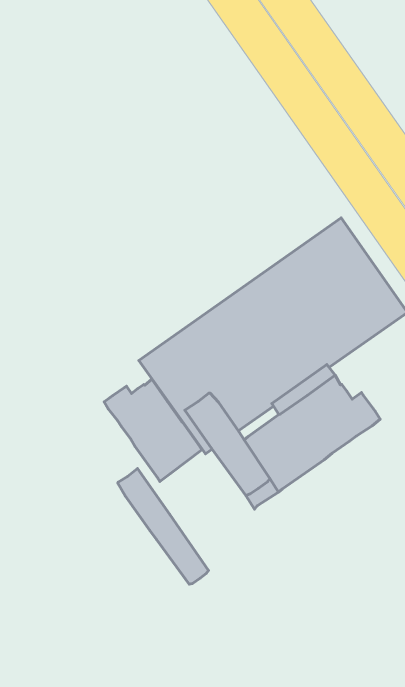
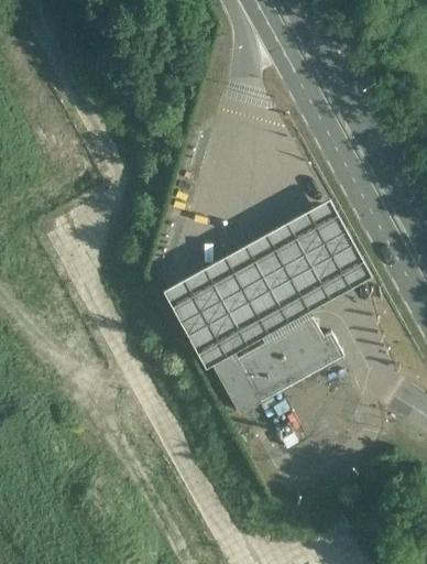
building: [104,379,202,482] -> none
building: [118,469,209,584] -> none

